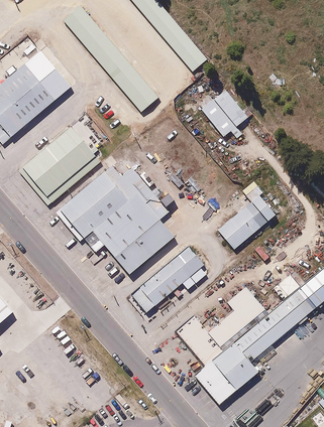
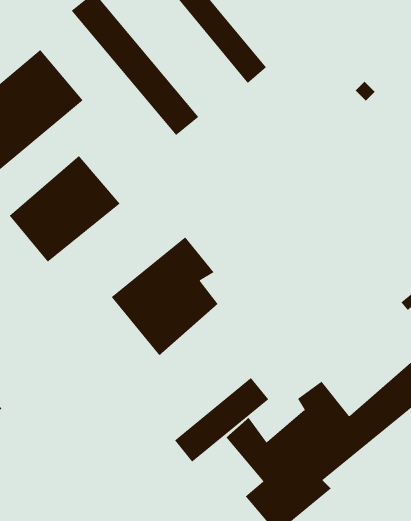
building: [202,90,248,137] -> none
building: [55,165,147,241] -> none
building: [219,194,275,246] -> none
building: [132,248,202,310] -> [174,377,269,463]

